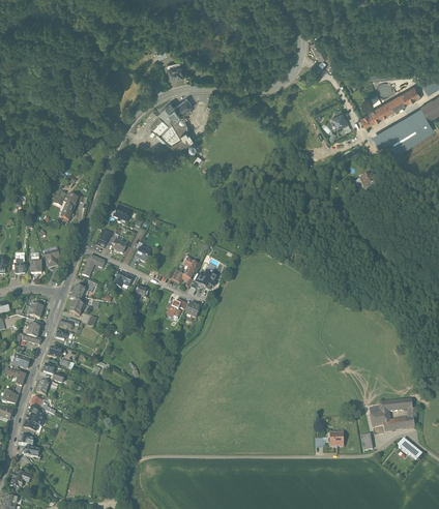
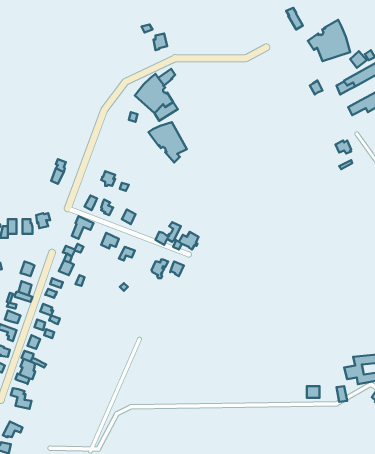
building: none -> [308,20,350,61]
building: none -> [148,122,187,162]

